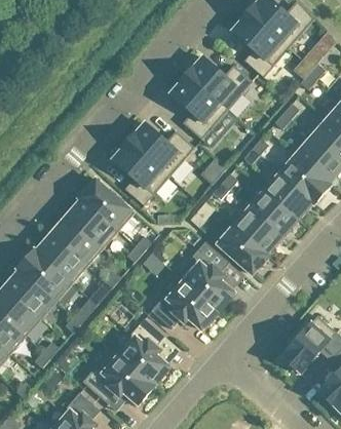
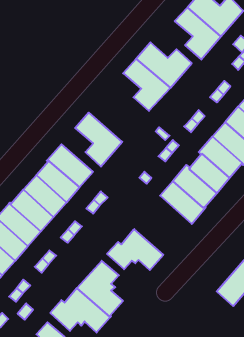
building: [128,122,194,176] -> none
building: [179,240,234,311] -> none

